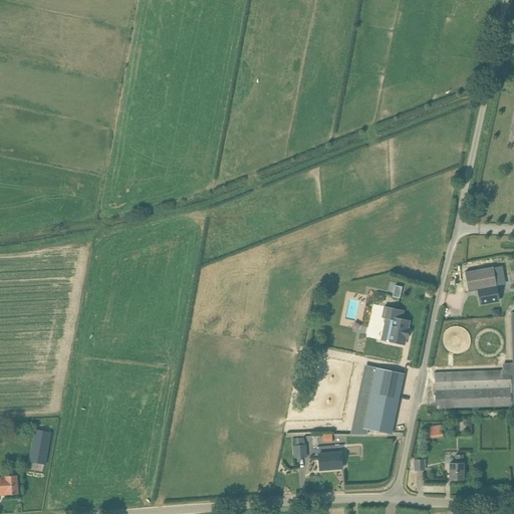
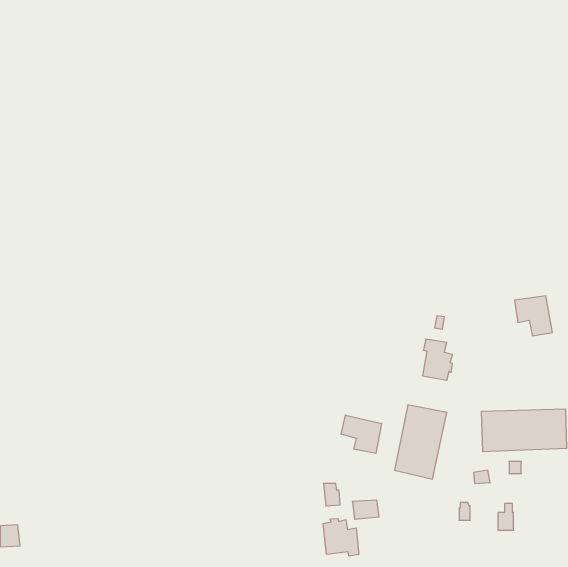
building: none -> [341,415,382,453]
building: [27,428,50,463] -> none
building: none -> [323,519,359,556]

